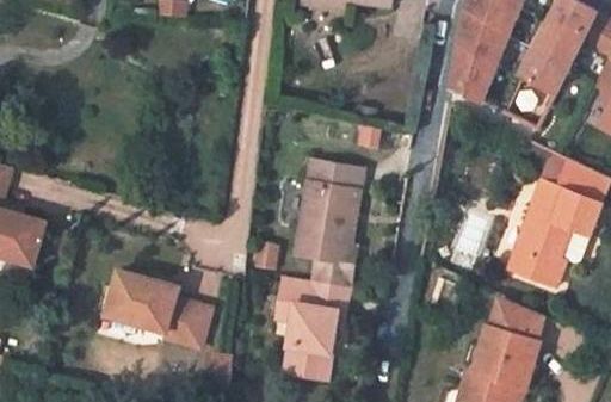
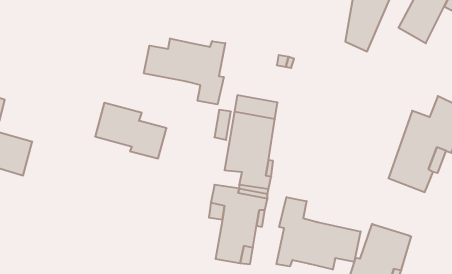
building: none -> [144,38,225,104]
building: [104,273,197,346] -> [95,103,167,158]
building: none -> [277,197,361,270]
building: [488,293,544,344] -> none

